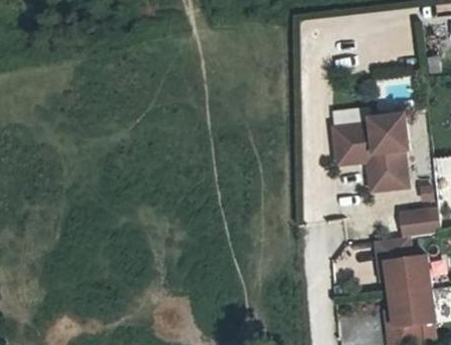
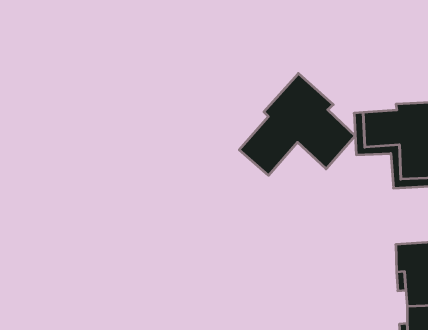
building: none -> [239,73,355,175]

